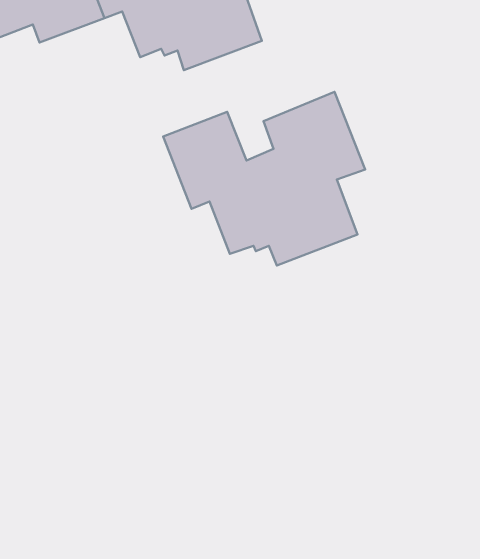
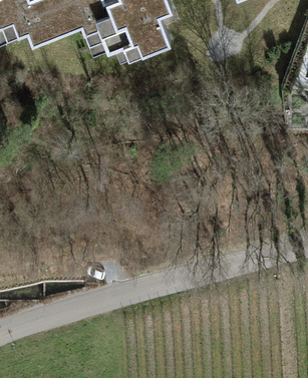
building: [163,92,365,266] -> none

